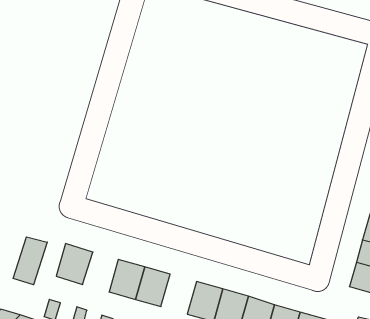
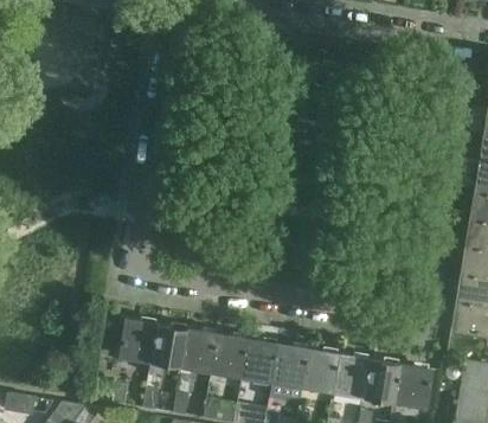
building: [13,237,47,285] -> none
building: none -> [150,325,187,367]
building: none -> [242,339,278,382]

